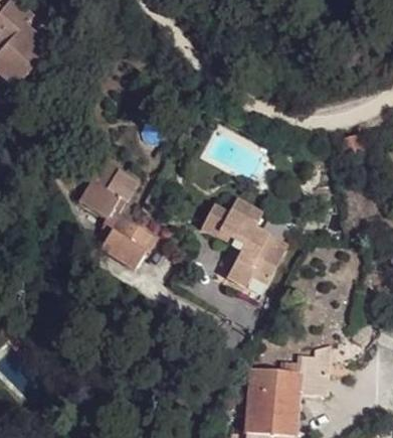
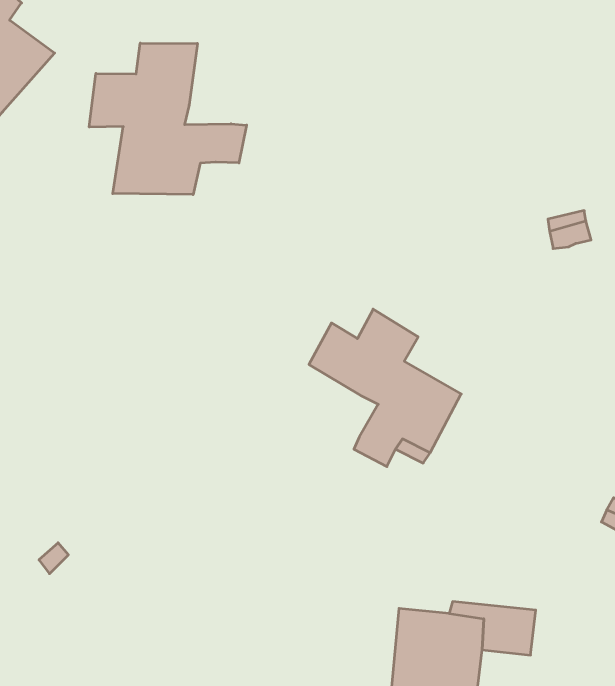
building: none -> [89,43,247,195]
building: [84,161,154,274] -> none

